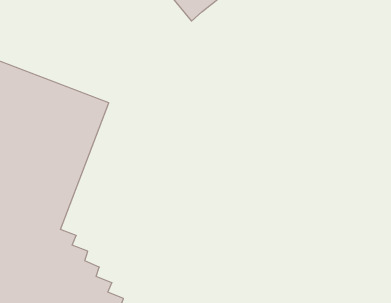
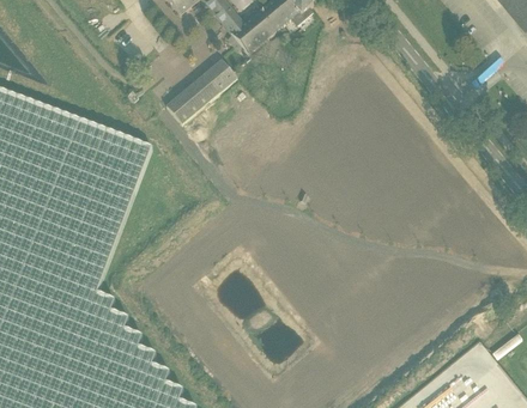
building: none -> [166,61,238,127]

